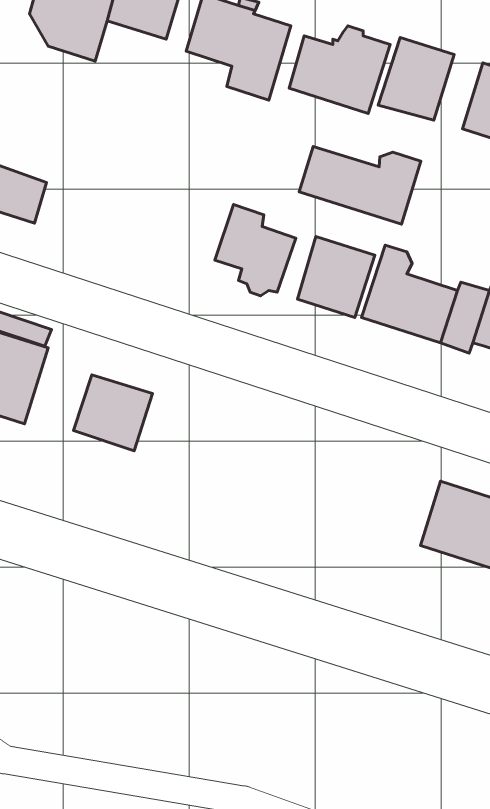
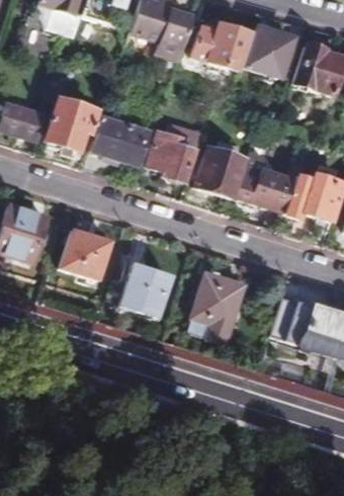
building: [299,146,421,224] -> none
building: none -> [47,99,97,148]
building: none -> [91,115,153,164]
building: none -> [114,261,171,314]
building: none -> [193,270,245,339]

